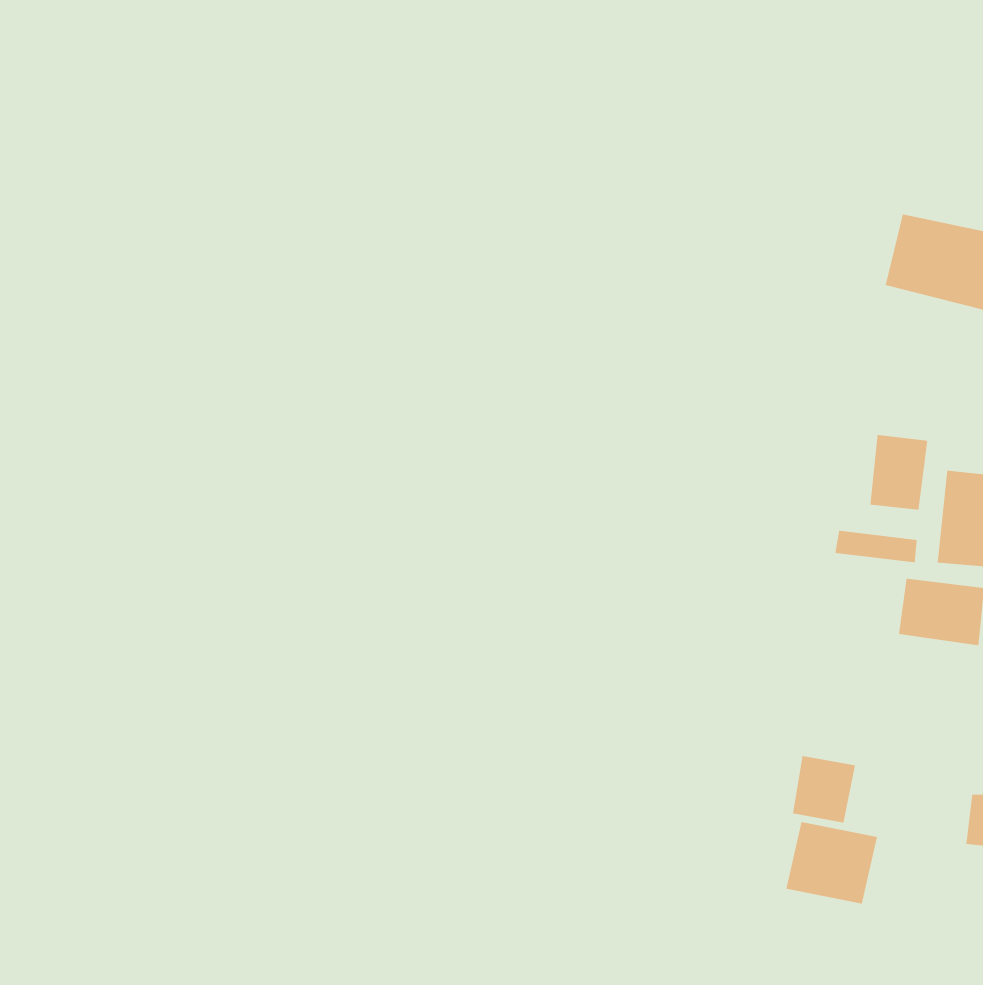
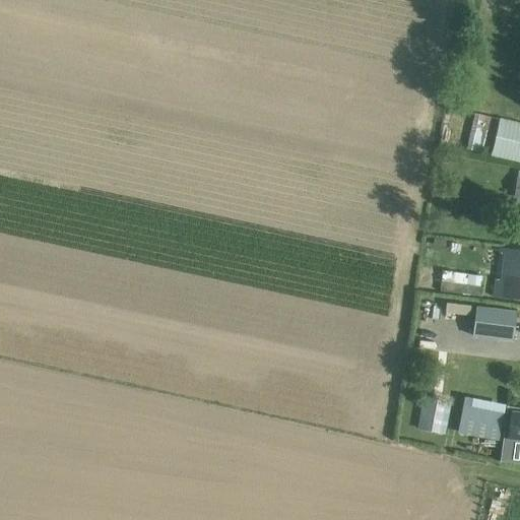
building: [870,434,928,510] -> none
building: [785,821,878,904] -> [458,397,507,441]

